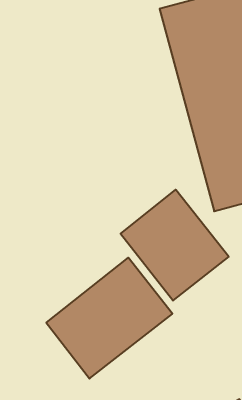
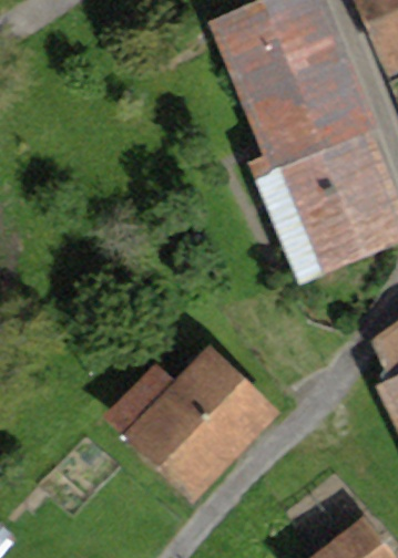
building: [121,190,229,301] -> none

